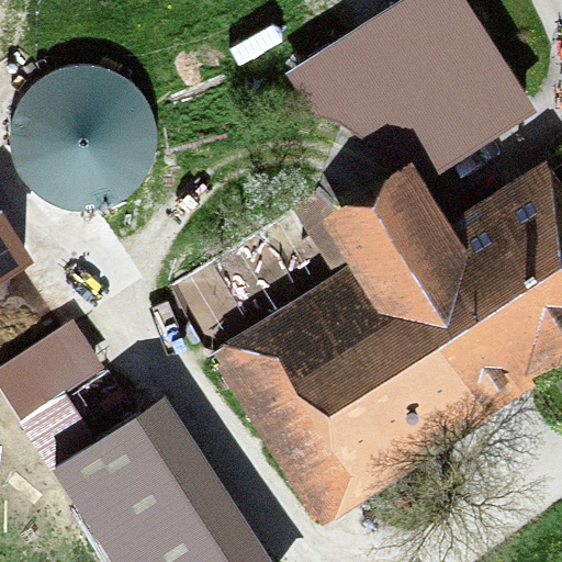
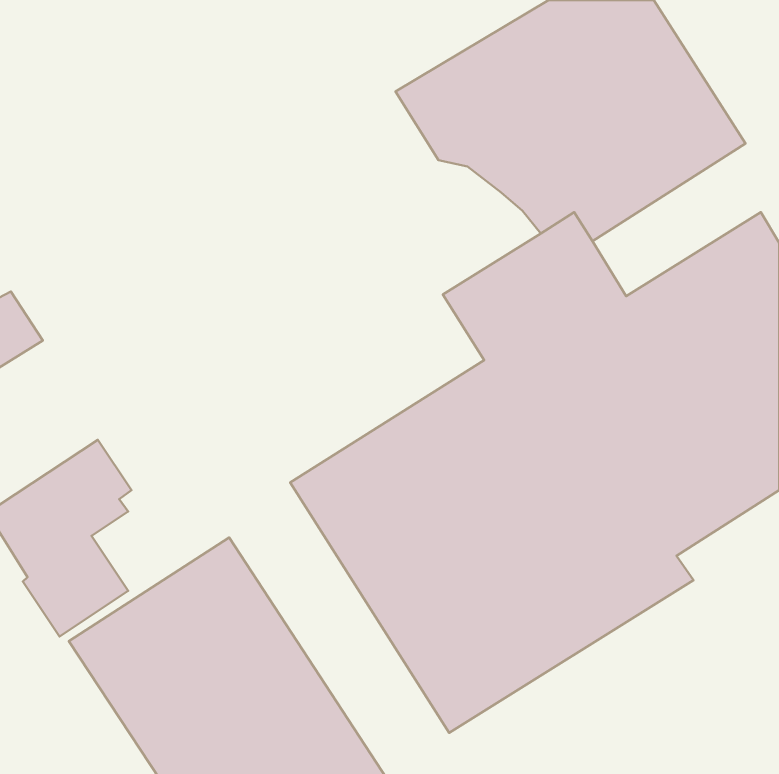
building: [7,65,157,214] -> none

